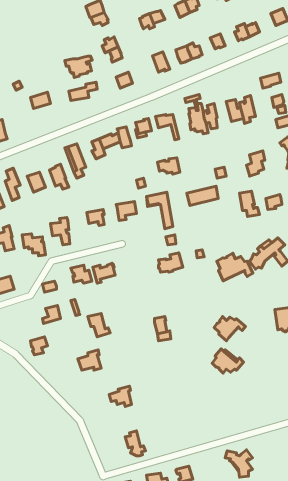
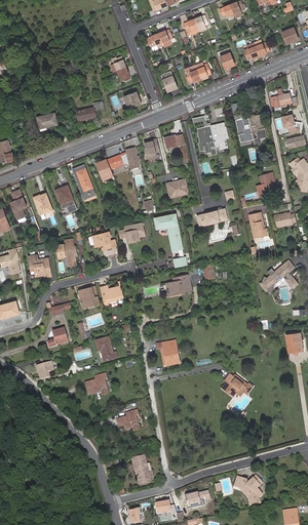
building: [65,56,92,78] -> none
building: [217,253,253,281] -> none
building: [214,317,245,341] -> none

